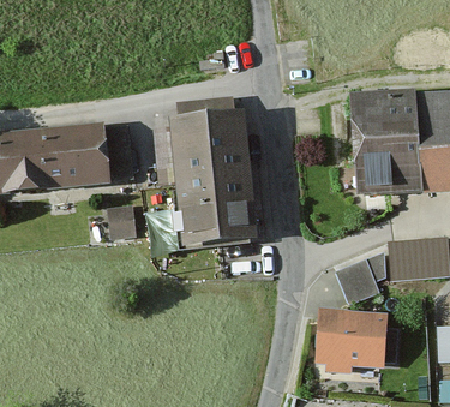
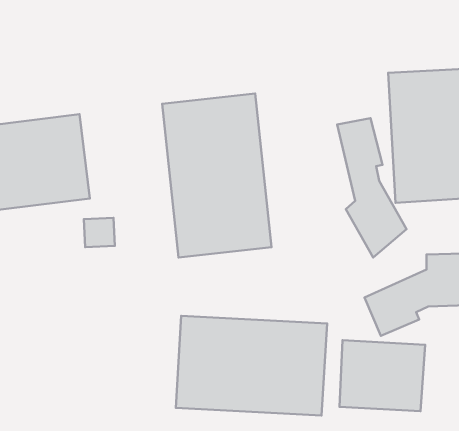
building: none -> [337,118,406,257]
building: none -> [176,316,327,415]

